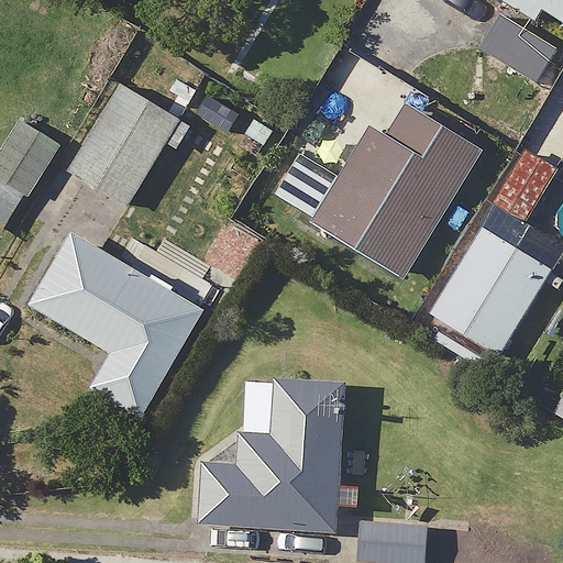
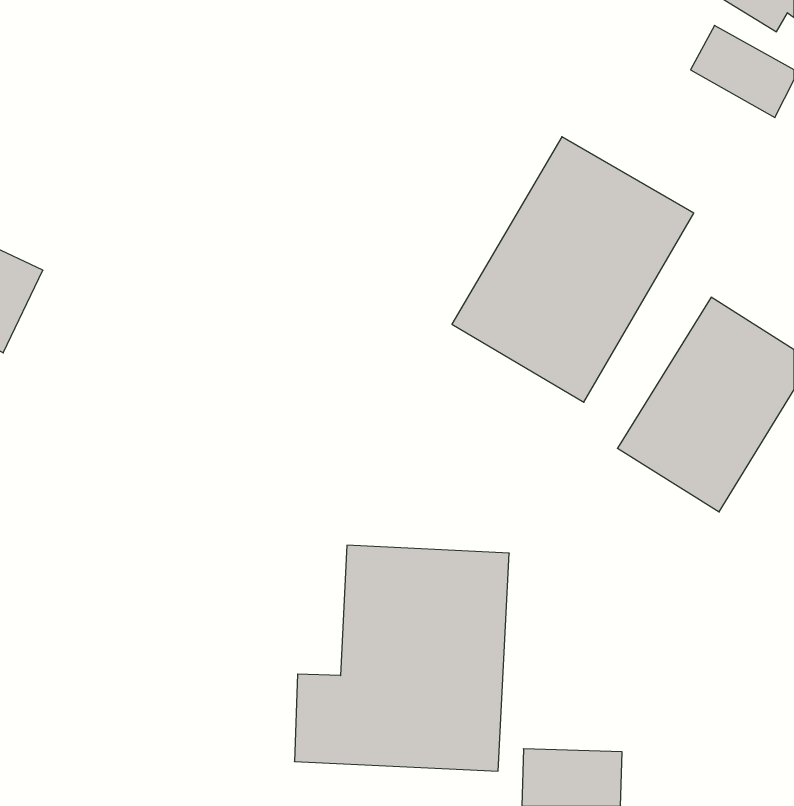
building: [59,78,179,205] -> none
building: [32,236,206,419] -> none

